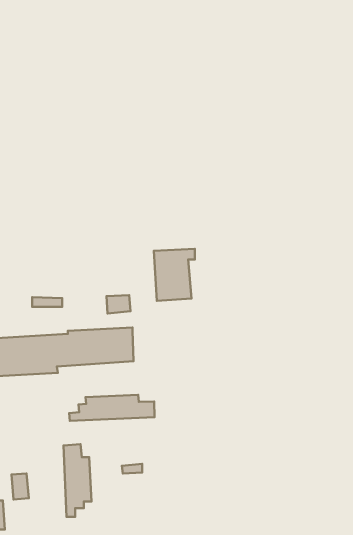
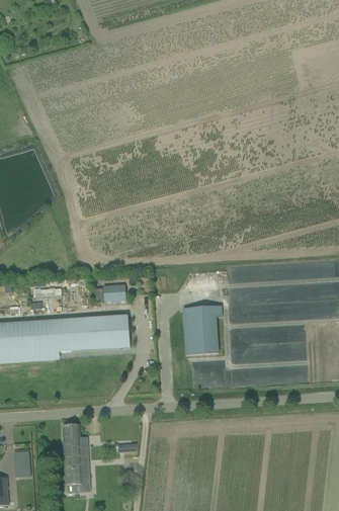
building: [154,249,195,301] -> [183,306,222,354]
building: [69,395,155,421] -> none

